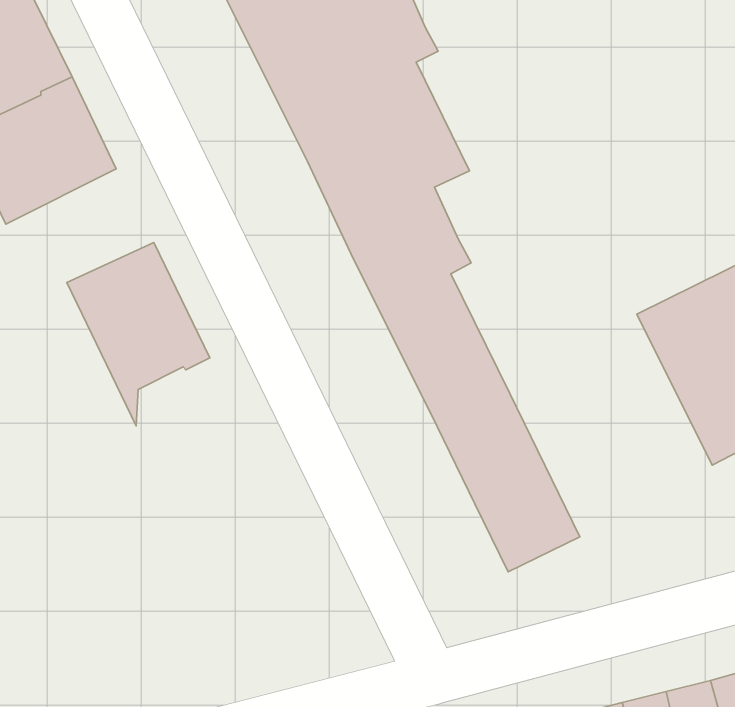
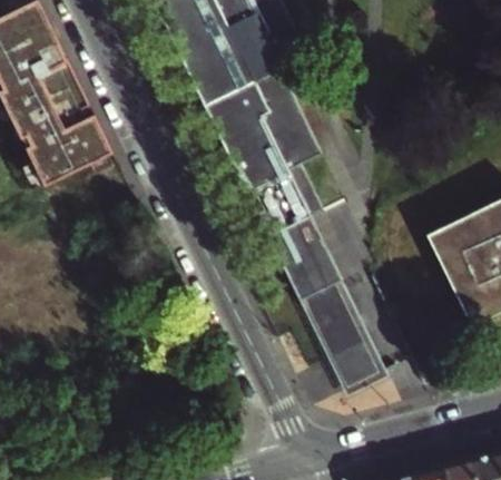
building: [67,243,210,426] -> none

